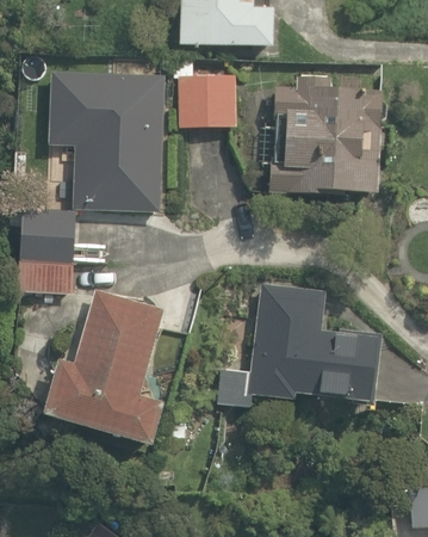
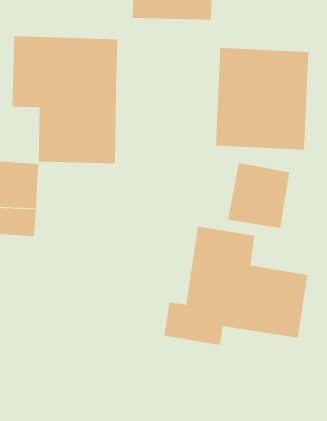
building: [163,72,237,131] -> none
building: none -> [228,162,290,229]
building: [42,289,165,442] -> none

